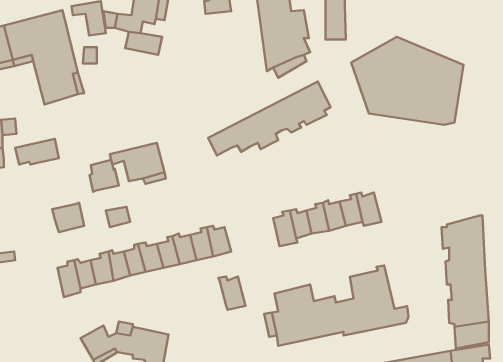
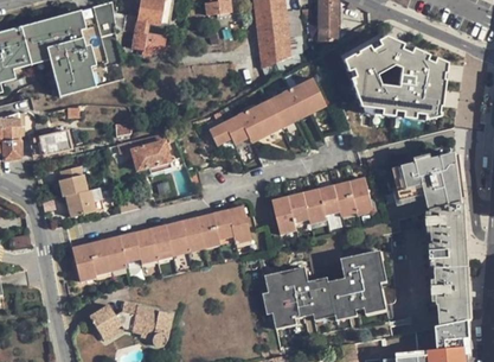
building: [89,160,119,192] -> [59,169,86,198]
building: none -> [393,154,462,211]
building: [219,277,245,310] -> [224,209,249,240]

